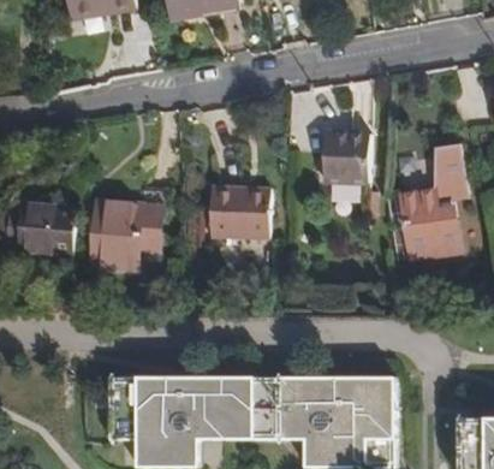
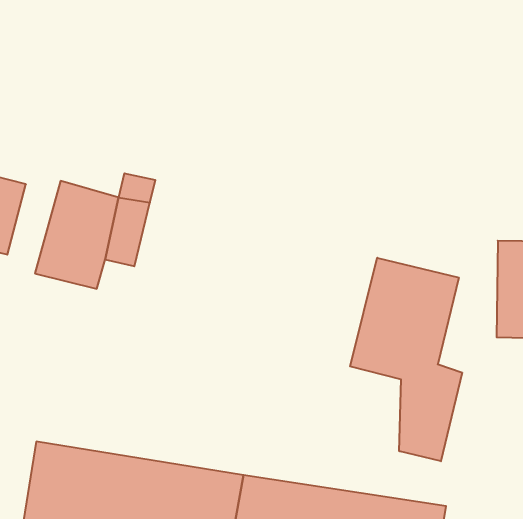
building: [322,138,371,190] -> none
building: [208,188,266,239] -> none
building: none -> [350,258,462,461]

